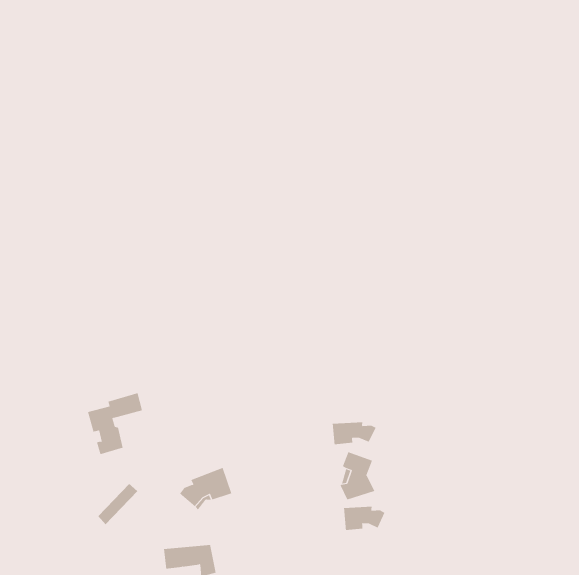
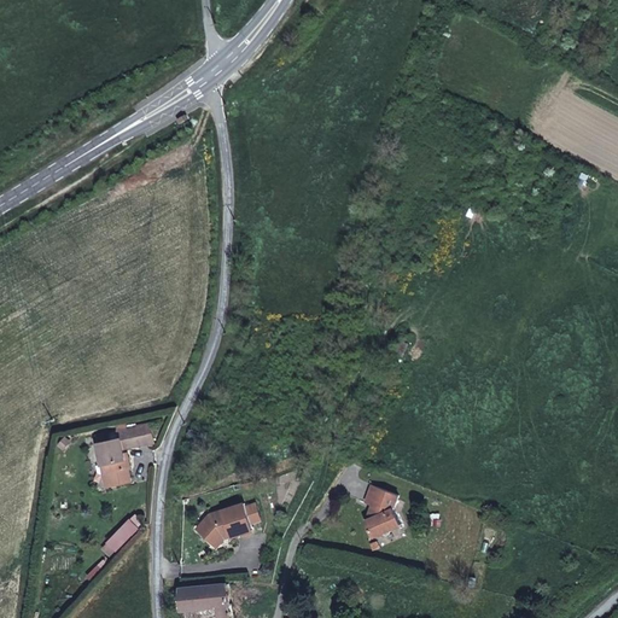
building: [332,421,377,445] -> none
building: [343,506,385,531] -> none

